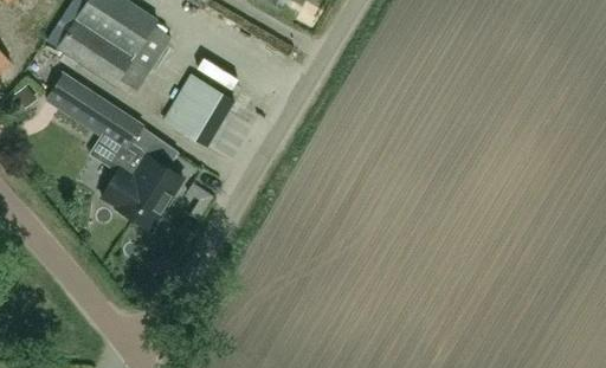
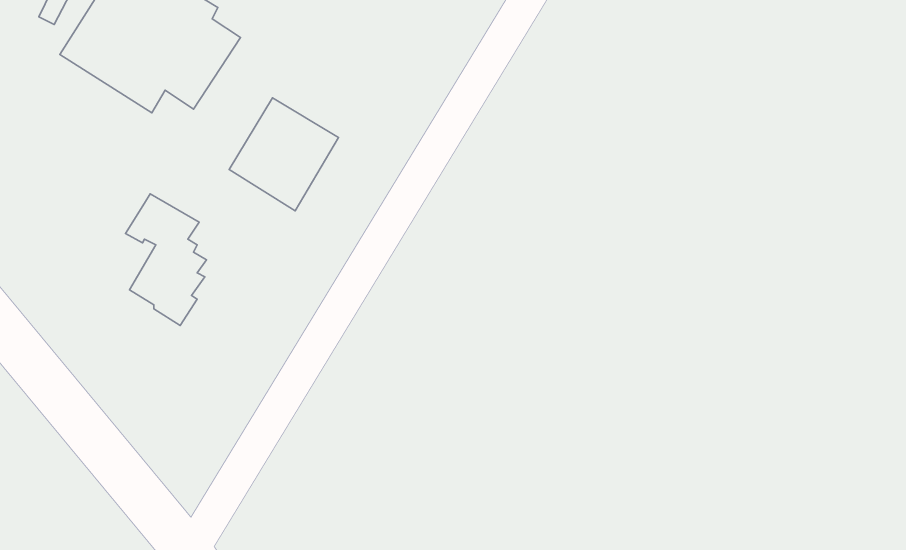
building: [44,73,182,228] -> none

